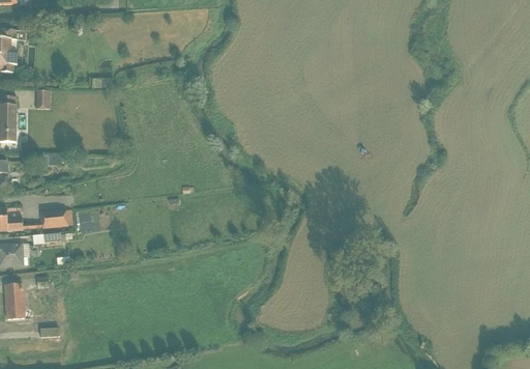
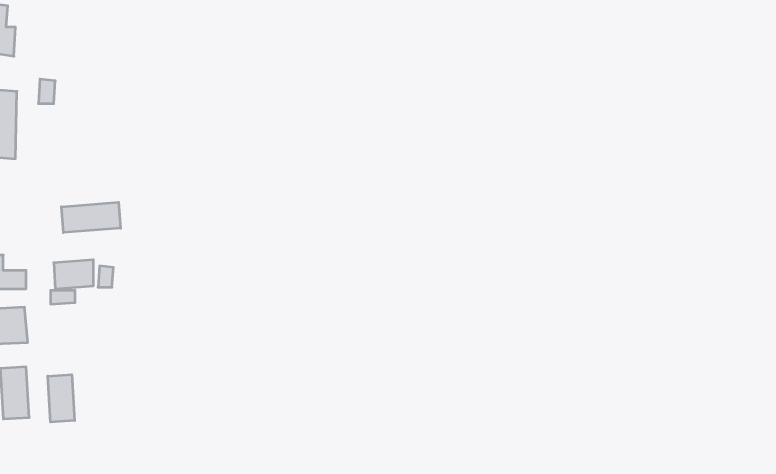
building: none -> [61,202,121,233]
building: none -> [48,375,75,422]

